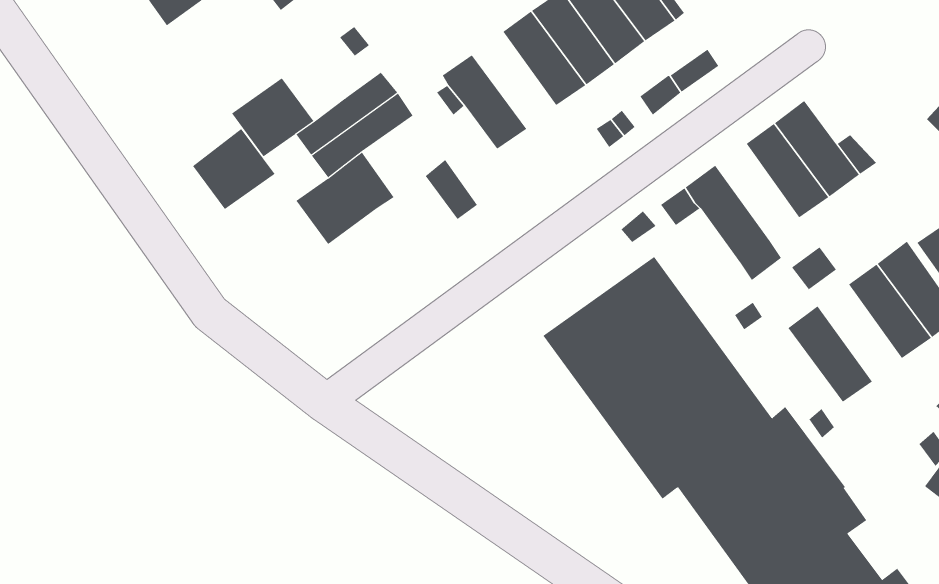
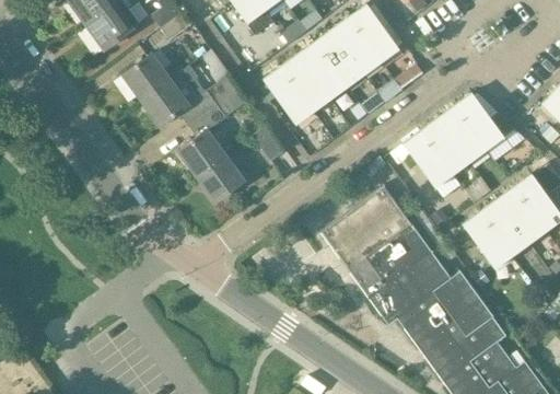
building: none -> [281,55,329,111]
building: [192,128,276,210] -> [124,55,172,102]
building: none -> [421,119,469,175]
building: none -> [198,157,245,204]
building: none -> [480,200,528,256]

